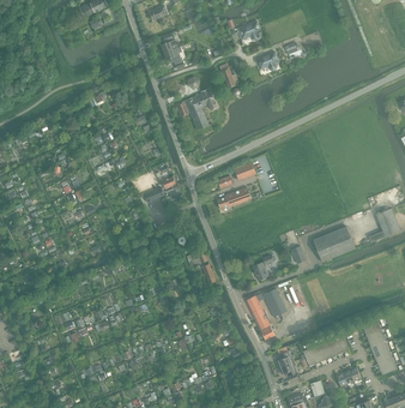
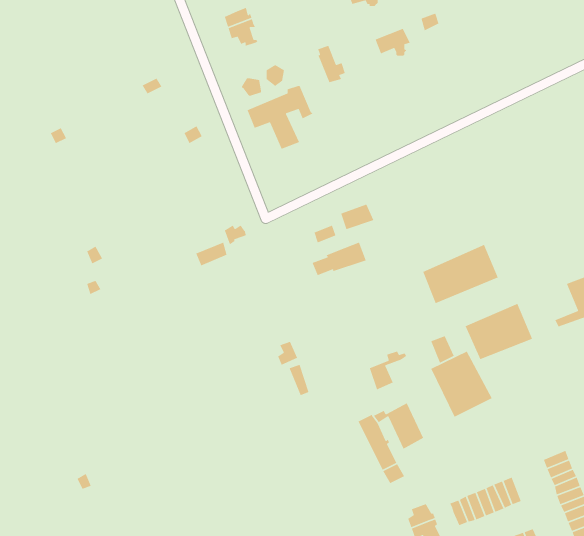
building: none -> [422,244,499,304]
building: none -> [430,351,493,418]

